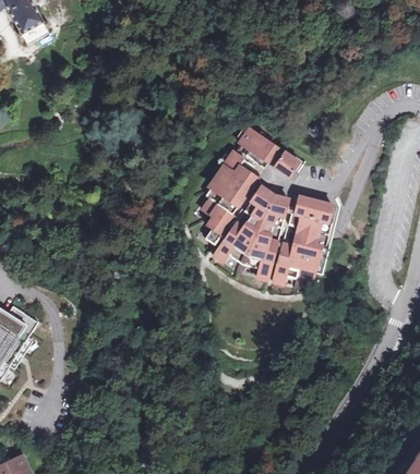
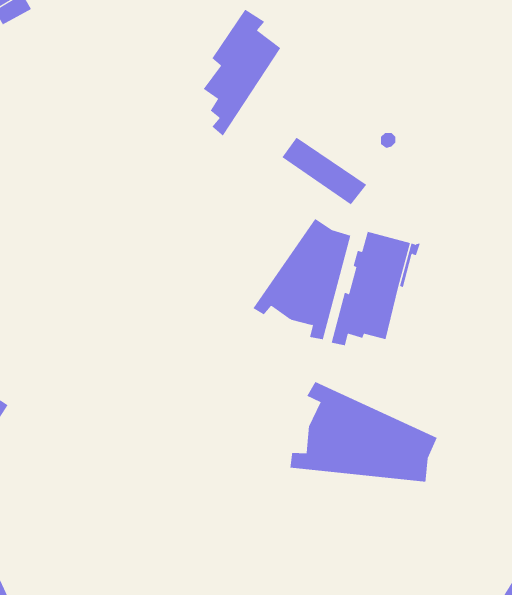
building: [200,149,259,245] -> [203,9,281,137]
building: none -> [290,381,437,483]

